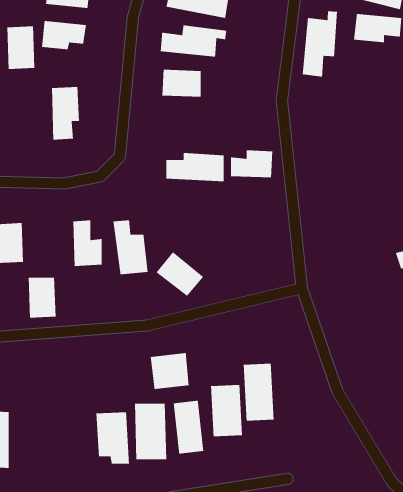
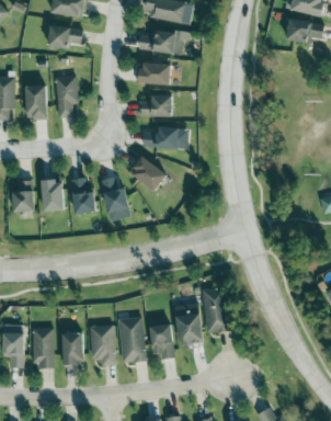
building: [302,11,338,77] -> none
building: [6,25,35,70] -> [24,84,46,118]
building: [230,149,273,178] -> [139,94,172,116]
building: [156,251,204,297] -> [129,156,167,191]
building: [28,277,56,318] -> [42,180,64,212]
building: [150,352,189,390] -> none
building: none -> [32,328,53,366]
building: none -> [61,333,83,365]

